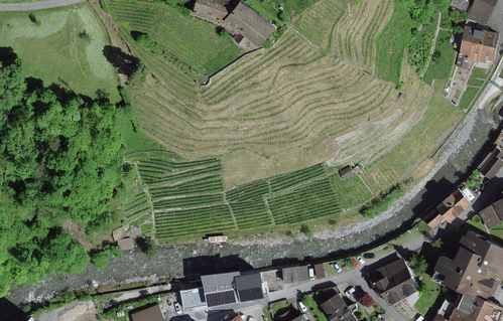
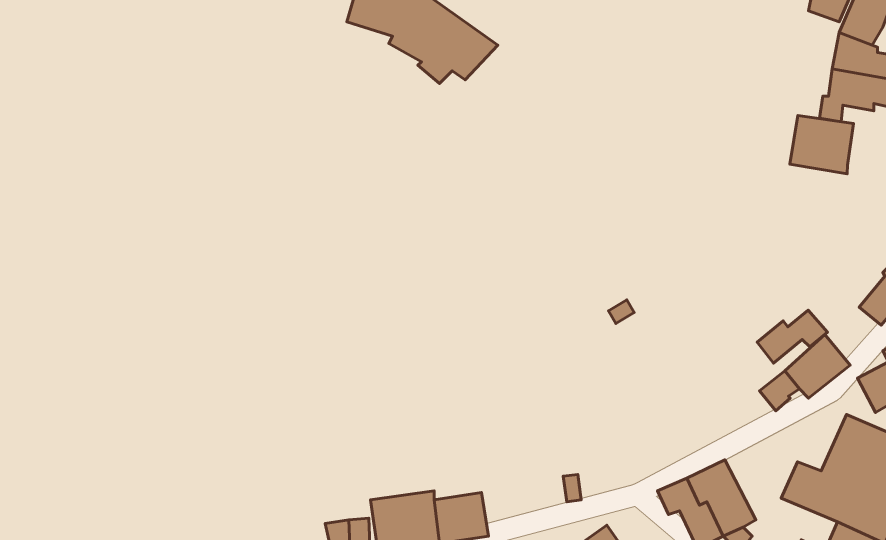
building: none -> [790,116,854,174]
building: none -> [757,310,827,363]
building: [281,266,307,283] -> none

